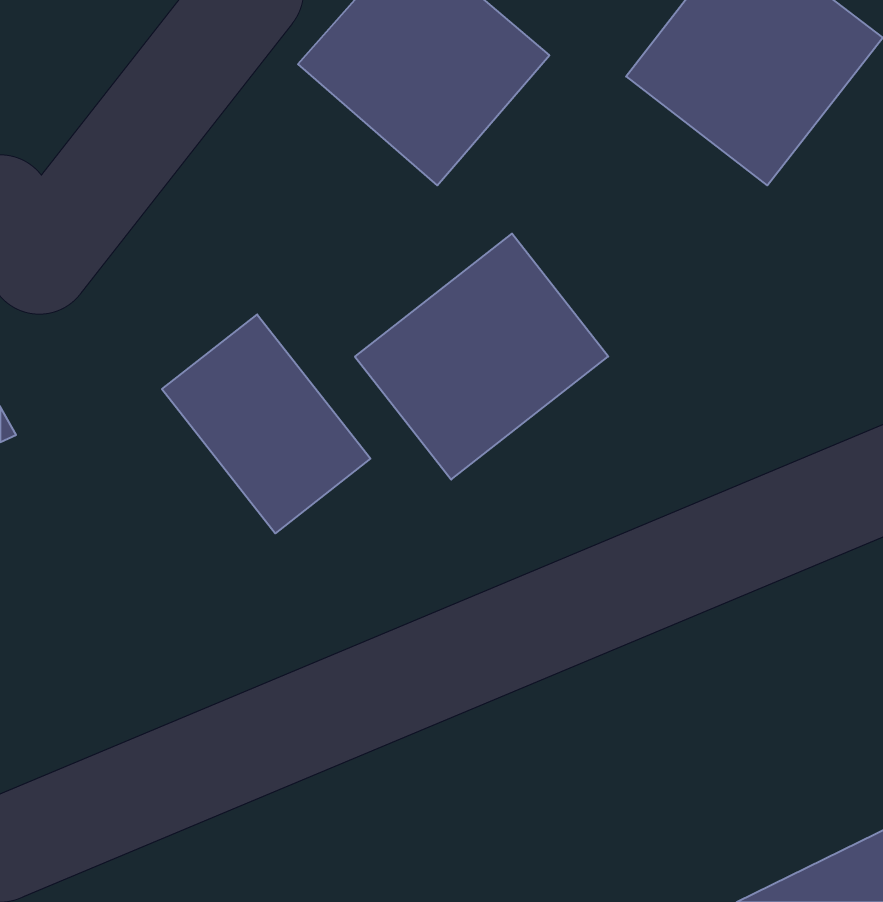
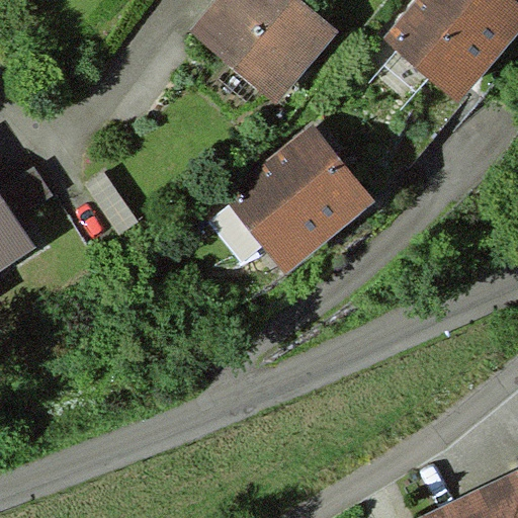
building: [162,314,370,533] -> none

